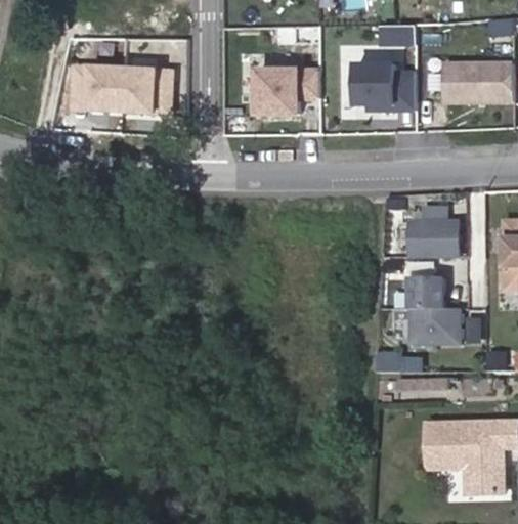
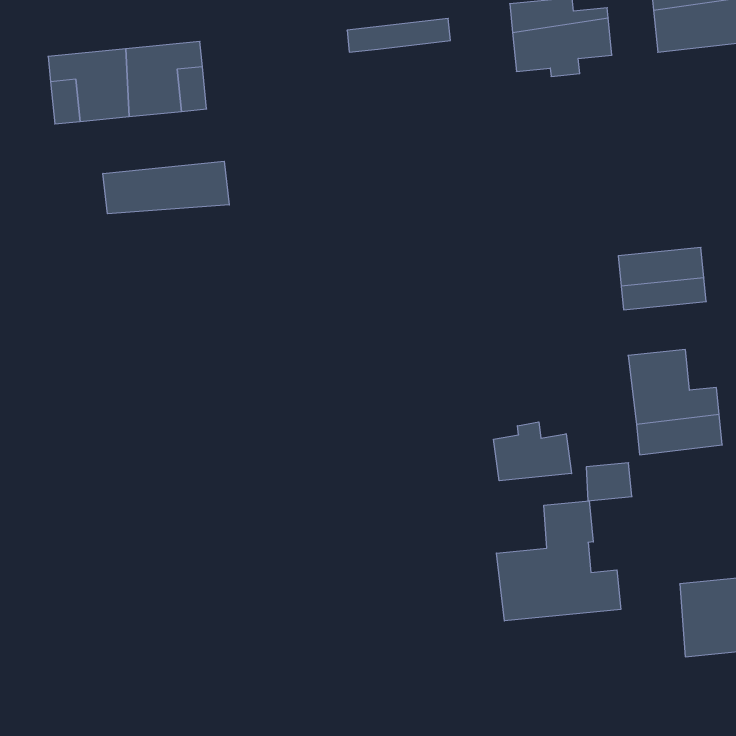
building: [257,82,318,113] -> none
building: none -> [103,161,229,214]
building: none -> [494,422,572,481]
building: none -> [496,501,621,621]

